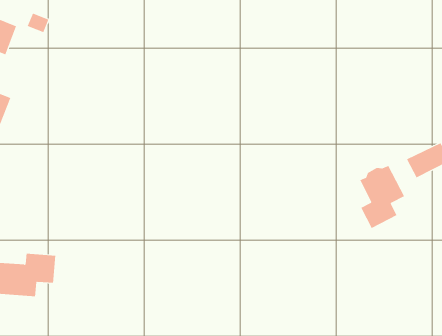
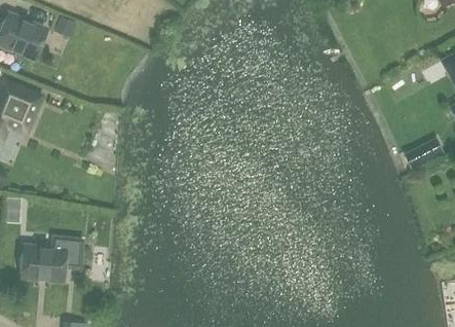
building: [359,165,405,229] -> none

